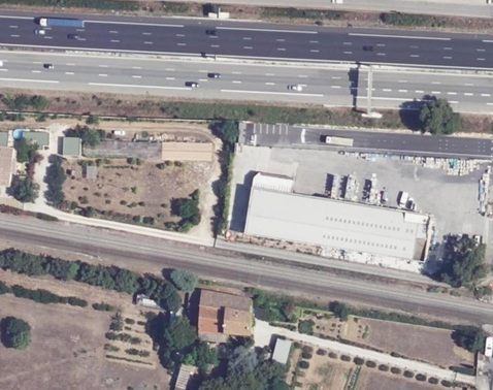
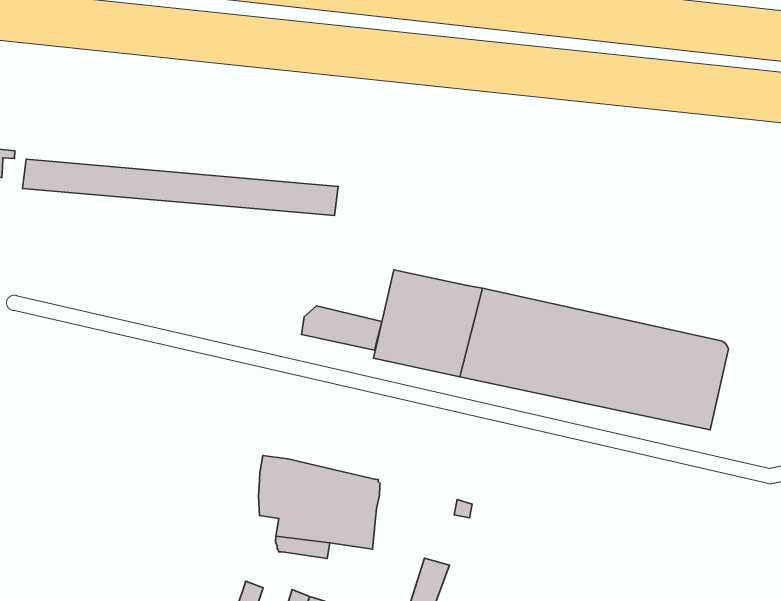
building: [252,171,294,193] -> [301,306,382,350]

